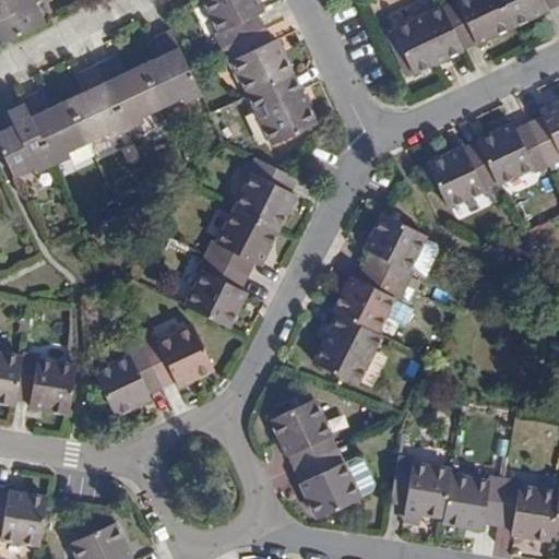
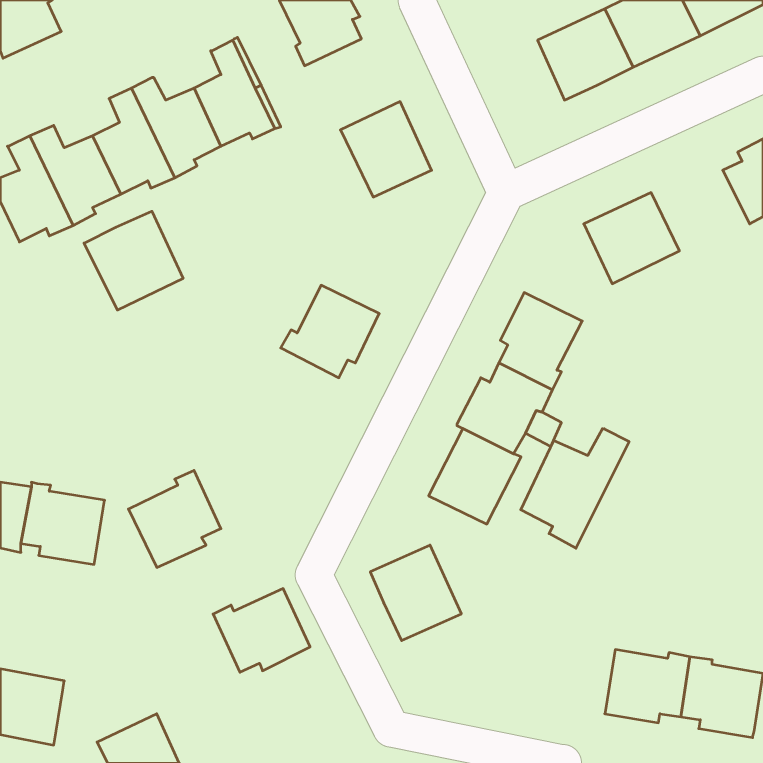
building: [223,28,293,95] -> none
building: [476,123,548,183] -> none
building: none -> [84,211,183,310]
building: [235,157,297,229] -> none
building: [186,254,248,326] -> none
building: none -> [521,429,629,548]
building: [142,325,213,386] -> [213,589,310,672]
building: [294,449,360,519] -> none
building: [391,457,451,516] -> none

